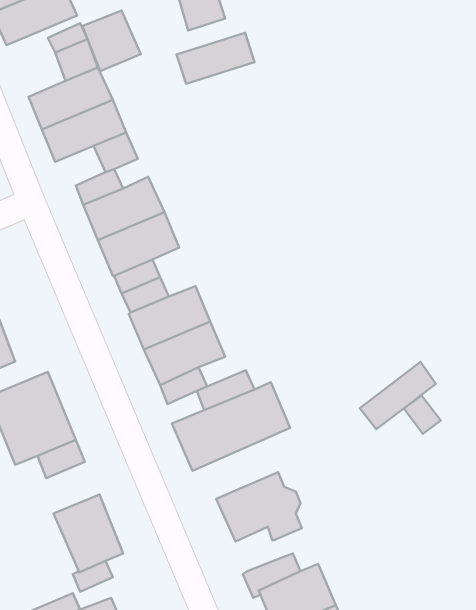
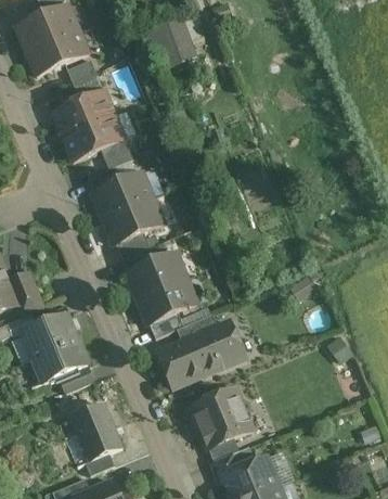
building: [82,10,141,71] -> none
building: [177,33,255,84] -> none
building: [360,362,436,429] -> none
building: none -> [205,427,238,460]

